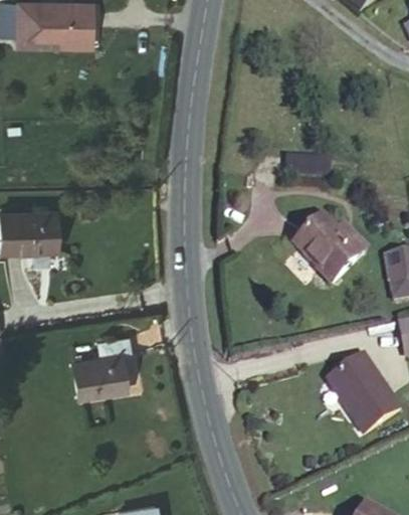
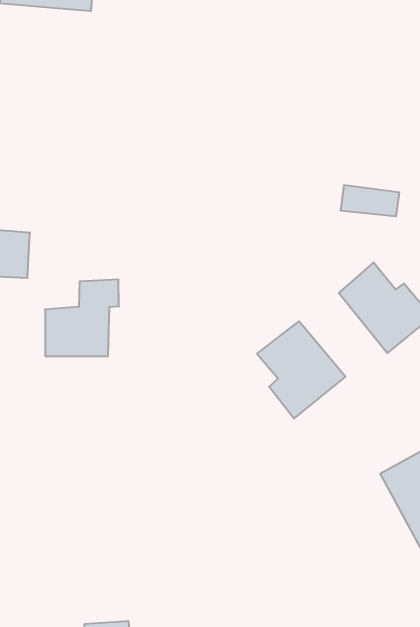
building: none -> [257,321,345,418]
building: [74,333,130,395] -> [45,279,119,356]

